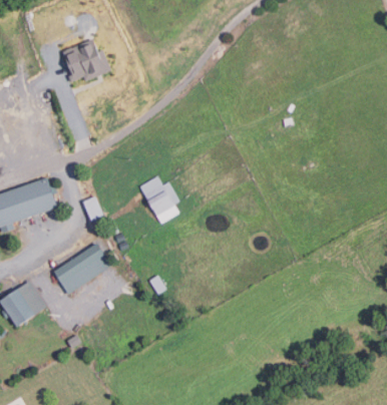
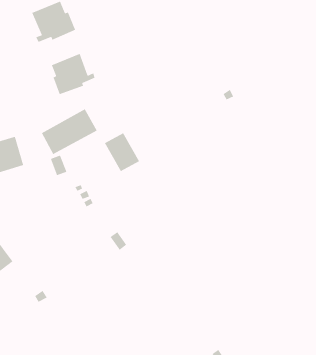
building: none -> [51,53,96,95]
building: [52,244,110,292] -> [41,108,98,155]

